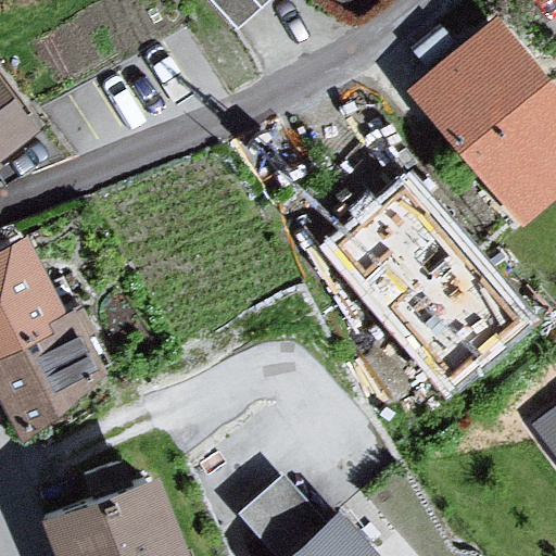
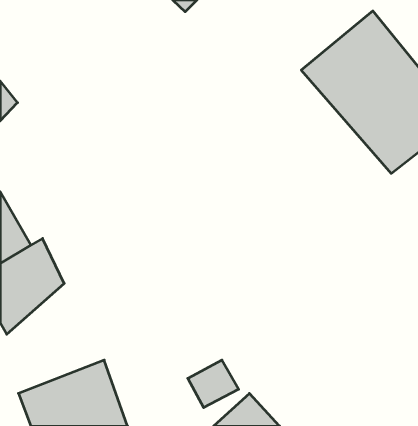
building: [343,184,533,382] -> none

